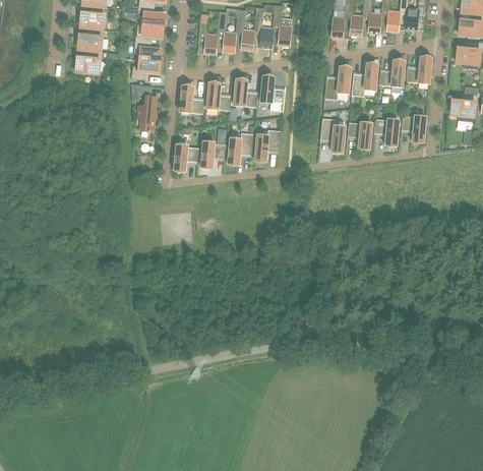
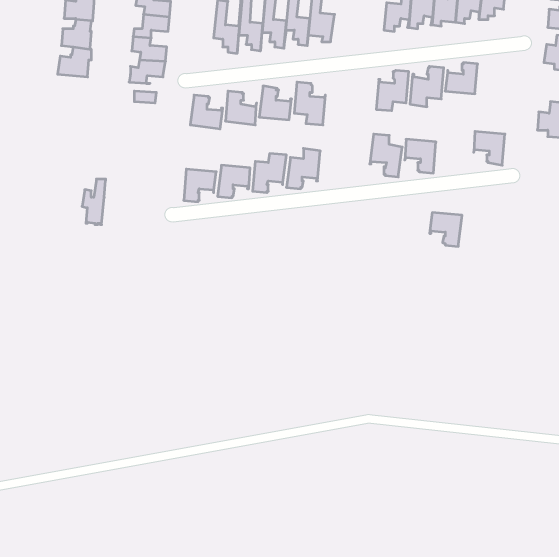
building: [406,59,431,83] -> none
building: [137,97,156,132] -> [82,179,106,225]
building: [373,119,399,145] -> [430,213,462,246]

